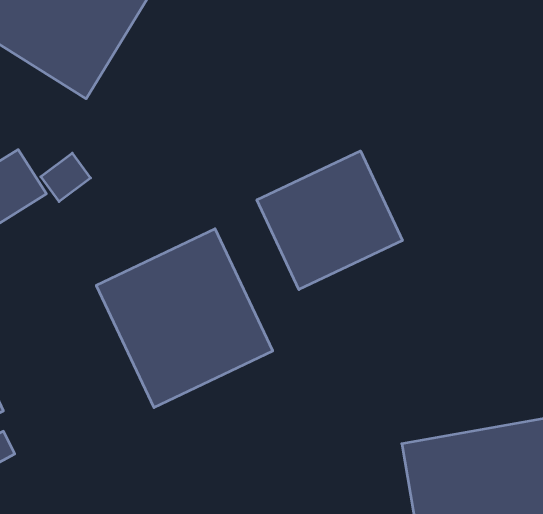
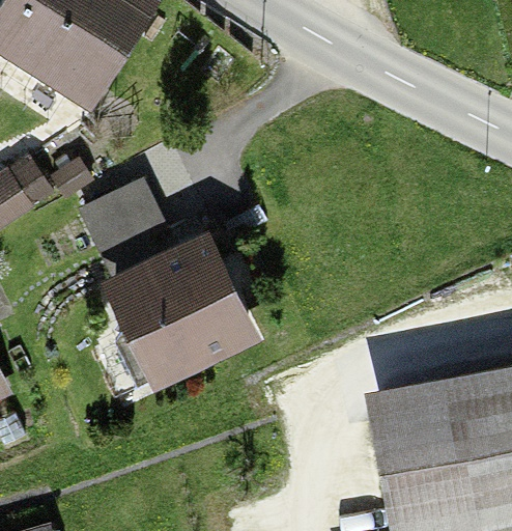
building: [257,151,402,290] -> none
building: none -> [77,175,164,256]

